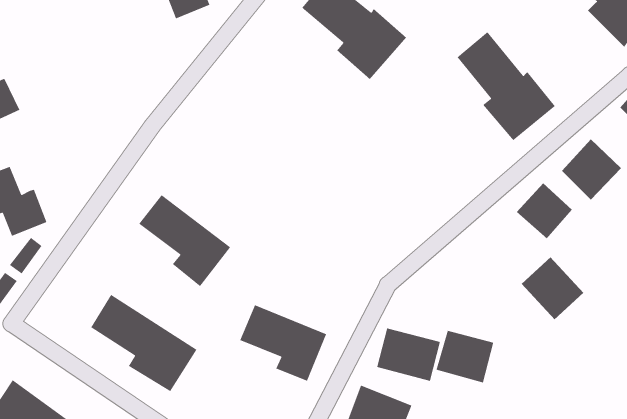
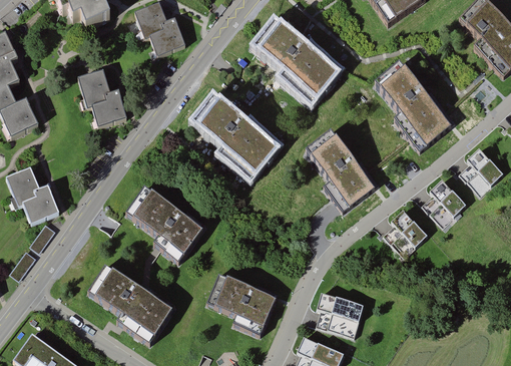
building: none -> [78,70,126,126]
building: none -> [193,96,280,178]
building: none -> [311,131,375,211]
building: [521,257,584,320] -> [380,208,429,257]
building: [436,330,494,384] -> none

